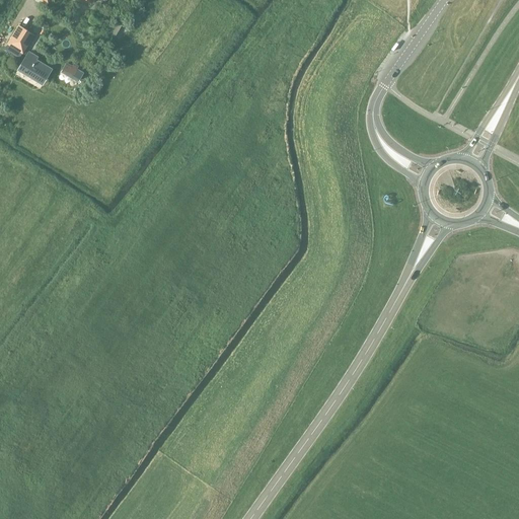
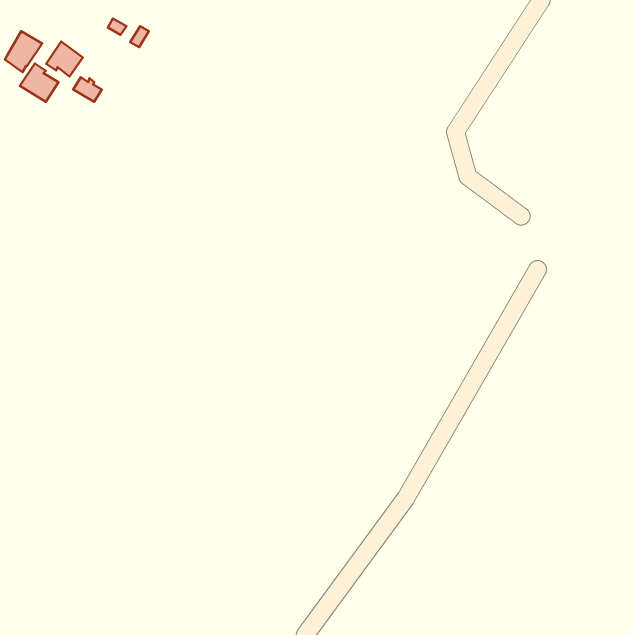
building: none -> [46,42,83,77]

